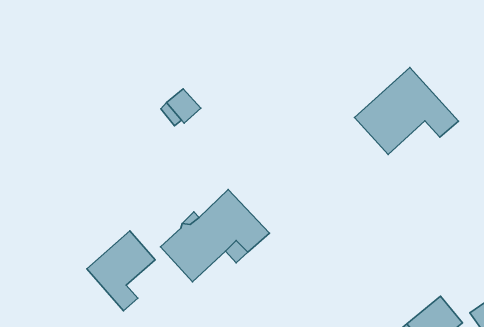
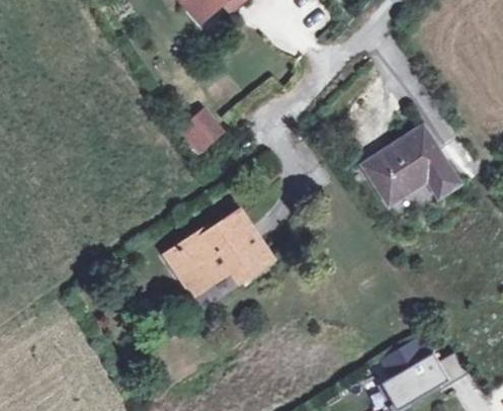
building: [87,231,155,311] -> none

